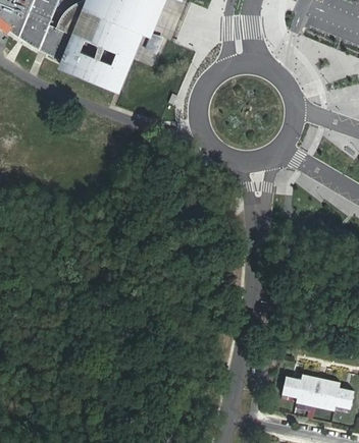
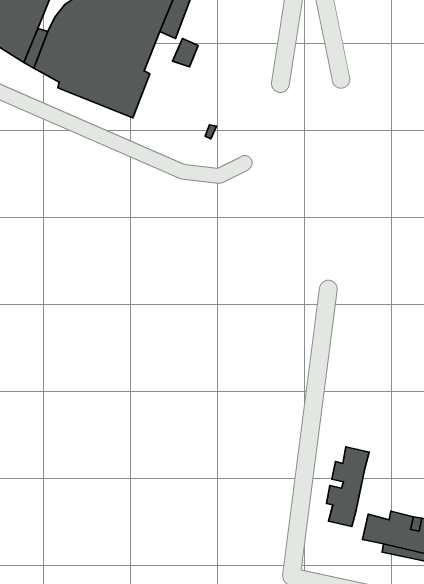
building: none -> [326,447,369,527]

